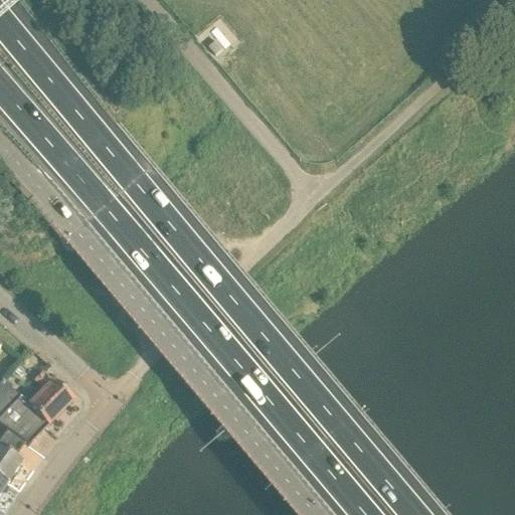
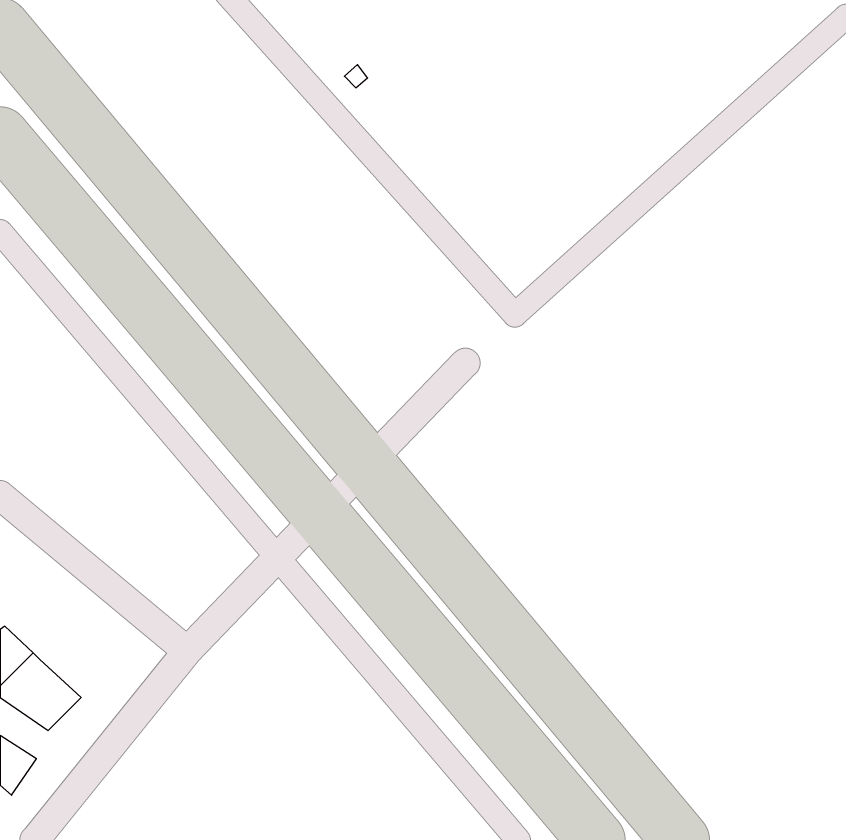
building: [24,371,71,423] -> none

